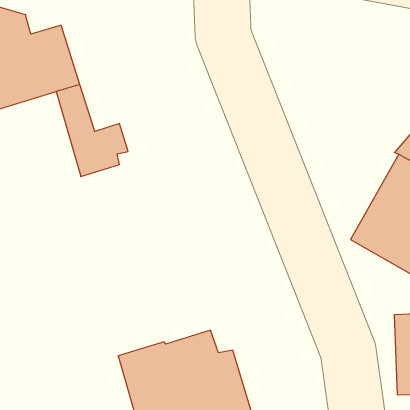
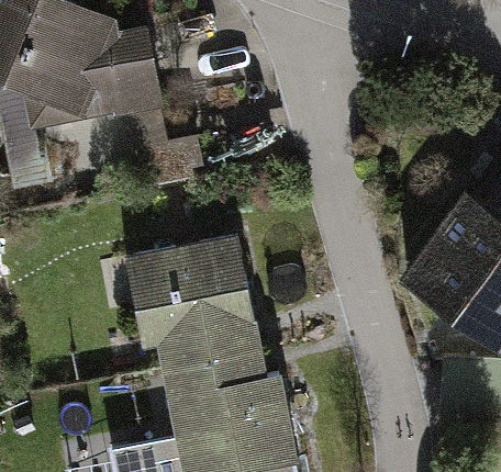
building: none -> [126,237,258,369]

